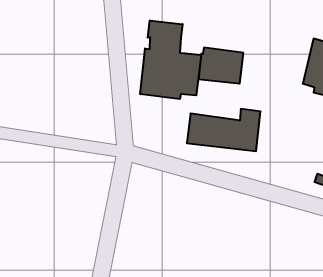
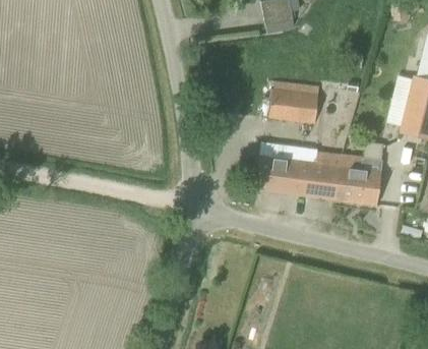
building: [140,20,201,99] -> none
building: none -> [333,154,382,205]

